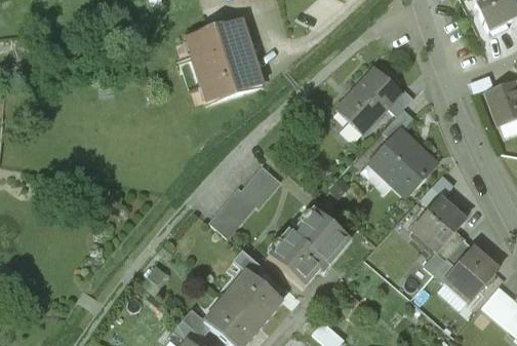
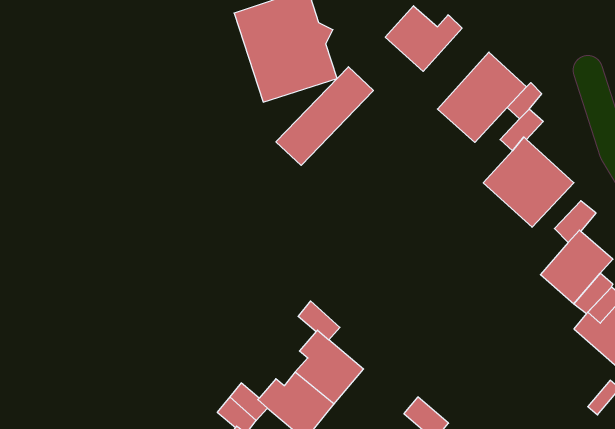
building: none -> [385,6,462,71]
building: [208,162,280,235] -> [276,67,373,165]
building: [269,209,349,284] -> none

